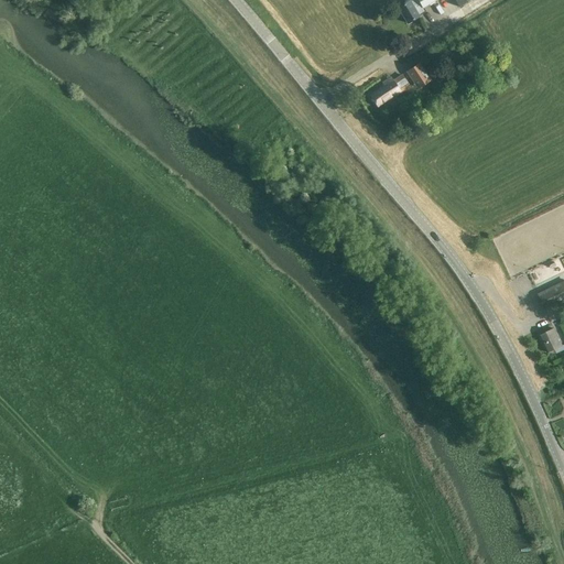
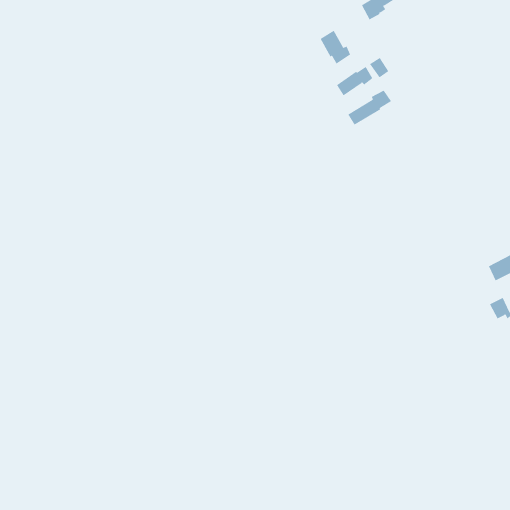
building: none -> [320,30,351,64]
building: none -> [347,90,392,125]

